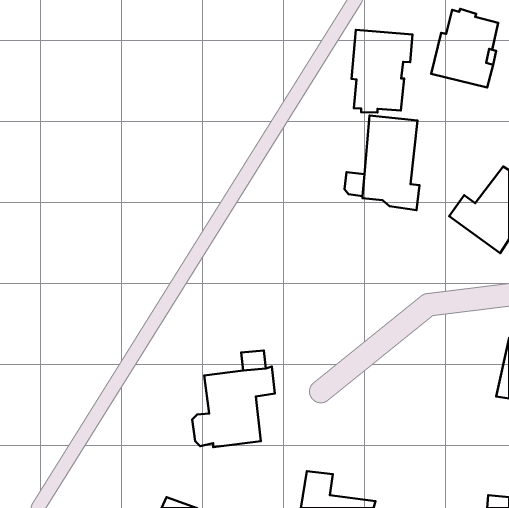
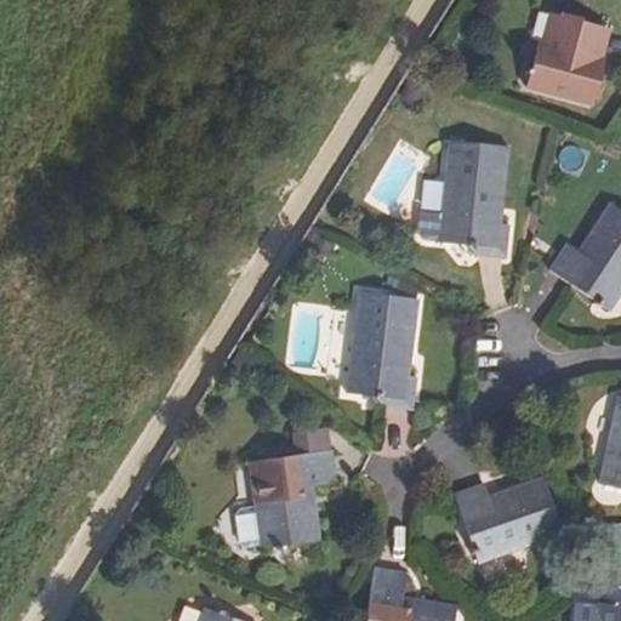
building: [352,30,412,112] -> none
building: none -> [346,294,418,414]
building: none -> [454,478,559,559]

